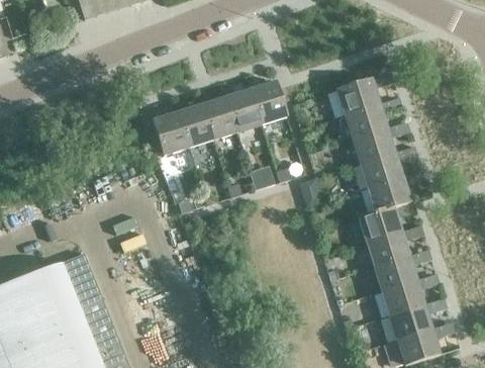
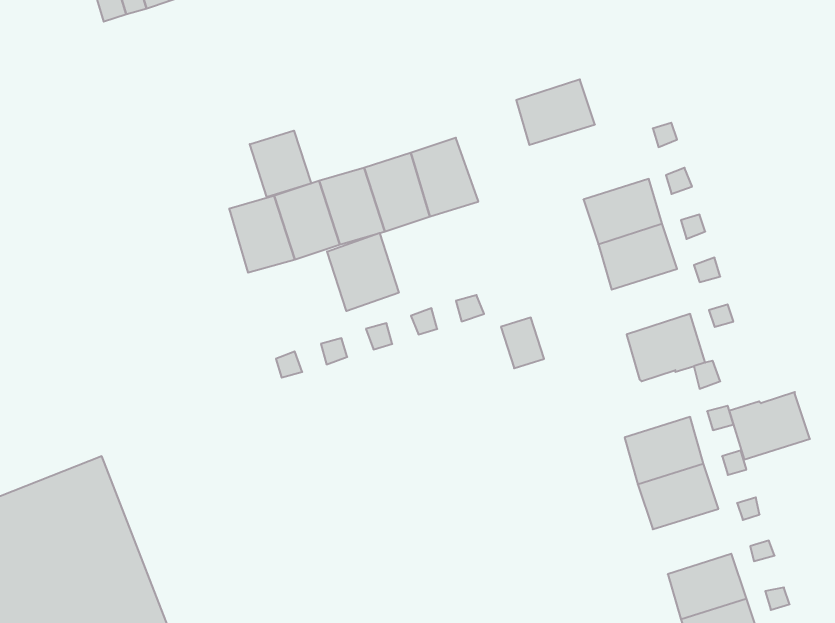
building: none -> [250,131,311,197]
building: [336,79,379,114] -> [516,79,595,145]
building: none -> [327,233,399,311]
building: [359,152,401,187] -> none
building: [358,206,401,243] -> [729,392,810,459]
building: [381,281,423,316] -> none

